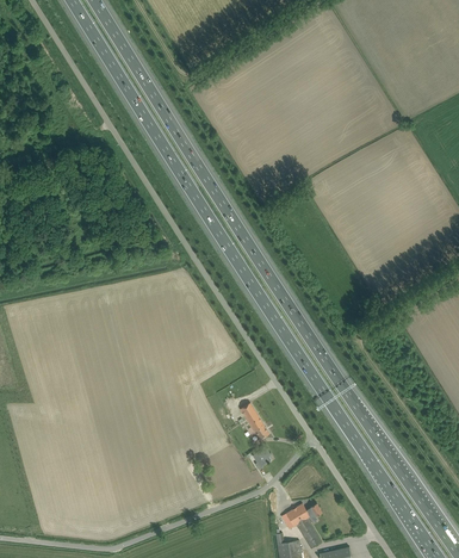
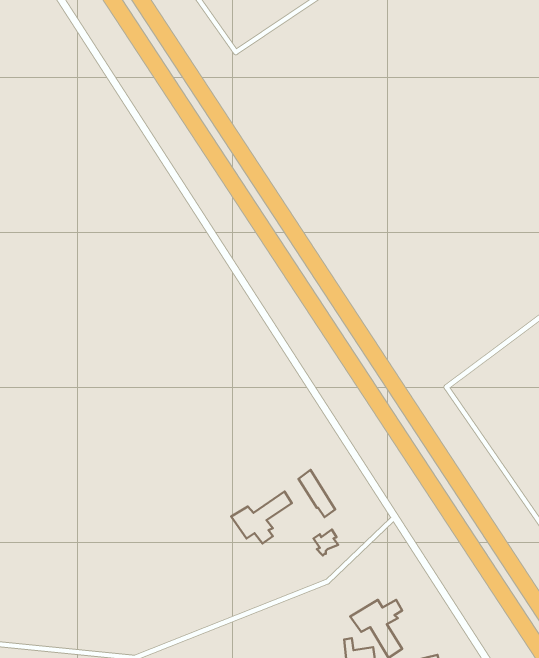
building: none -> [231,492,292,544]

